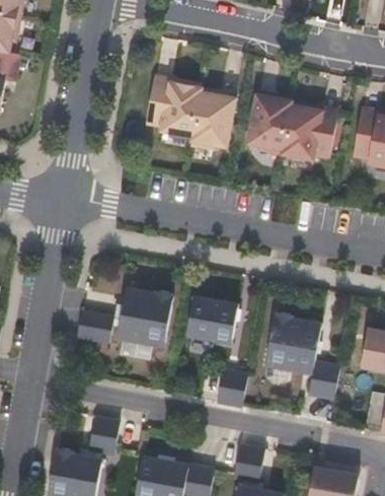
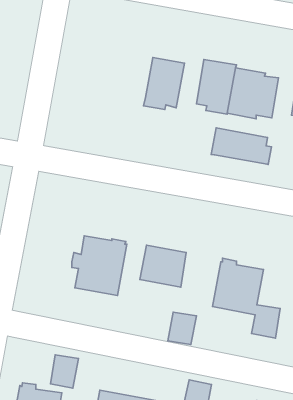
building: [146,80,202,135] -> none
building: none -> [211,128,271,164]
building: [76,308,112,341] -> none

